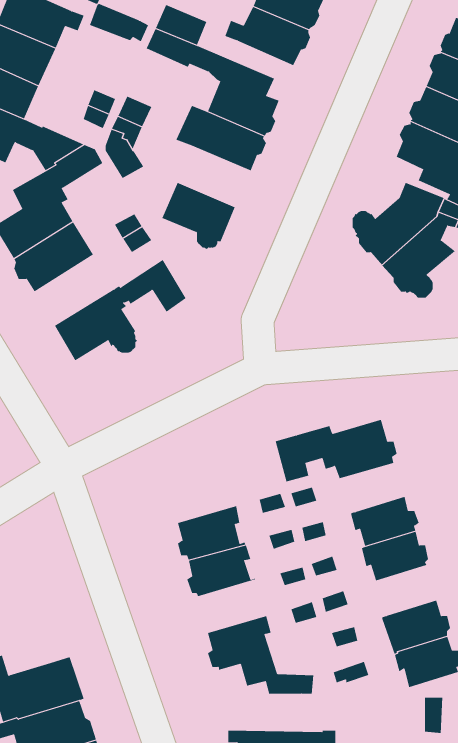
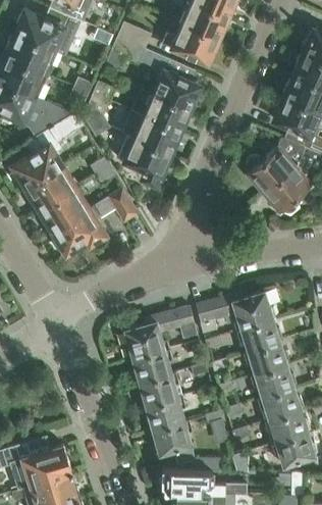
building: none -> [131,114,179,154]
building: none -> [39,185,91,232]
building: none -> [123,308,196,359]
building: none -> [236,320,281,352]
building: none -> [258,387,302,419]
building: none -> [145,396,190,431]
building: none -> [153,469,247,495]

